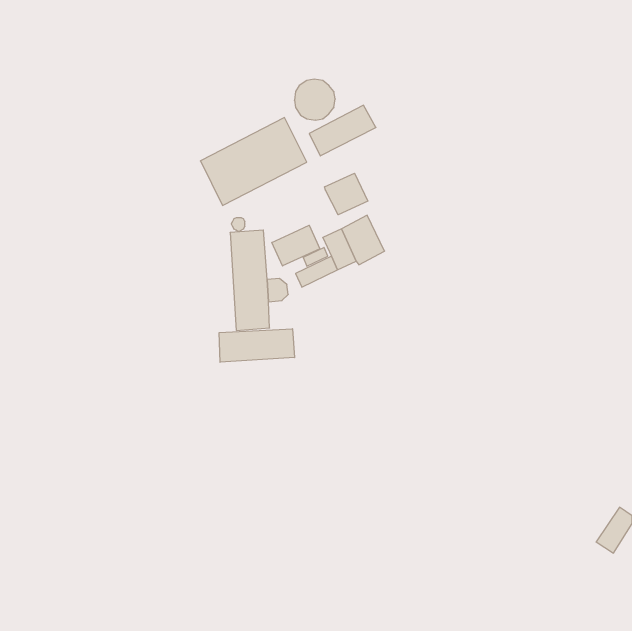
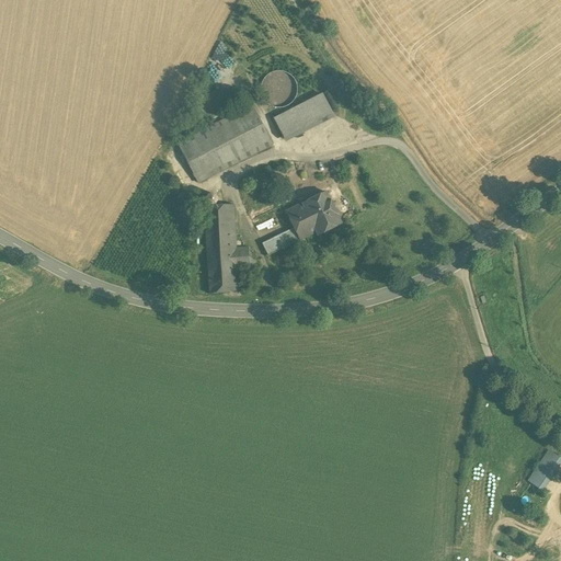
building: [325,173,368,215] -> none
building: [272,225,320,266] -> none
building: [219,329,295,362] -> none

